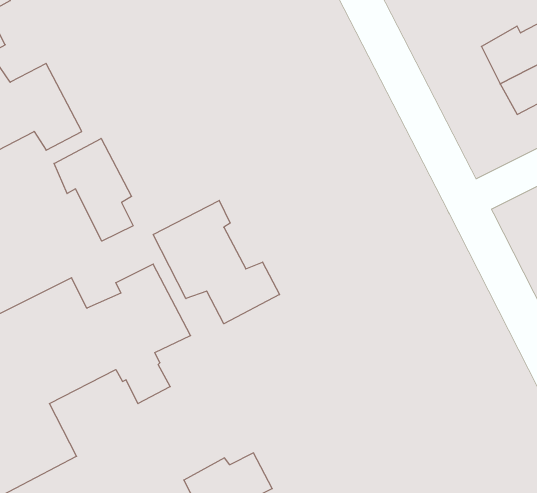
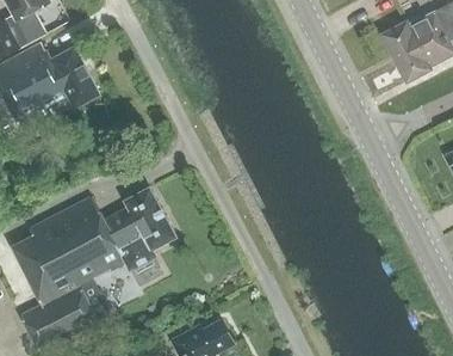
building: [54,138,133,241] -> none
building: [153,200,280,324] -> none

